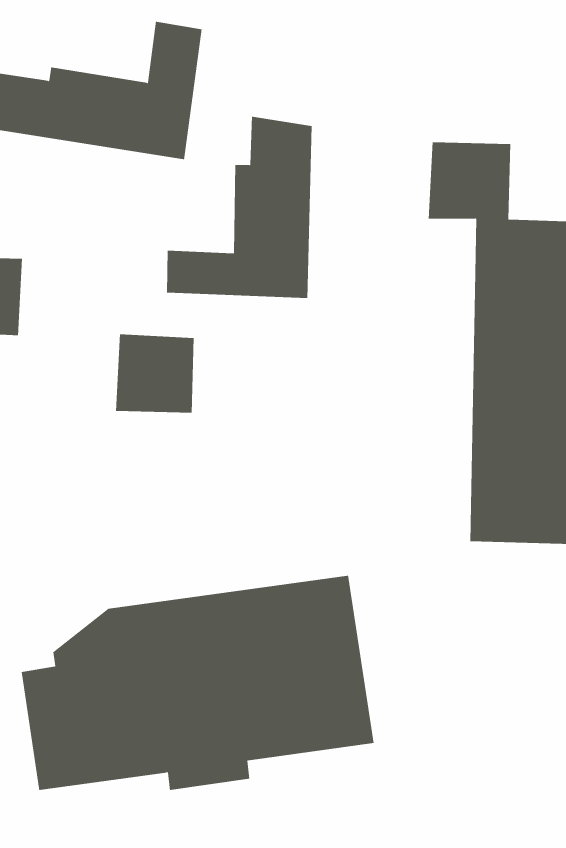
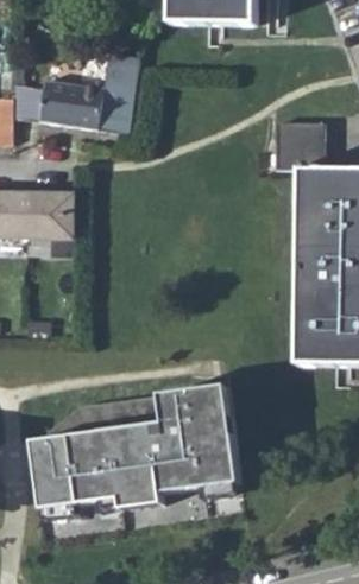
building: [167,116,312,299] -> none
building: [115,334,194,413] -> [25,192,73,240]

